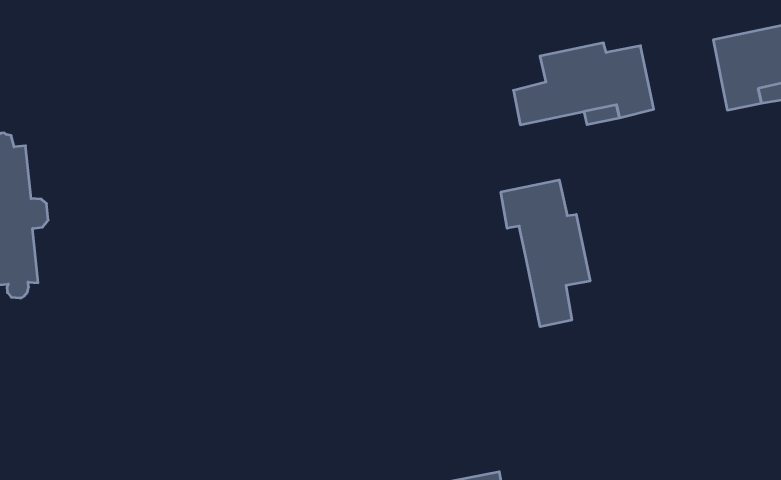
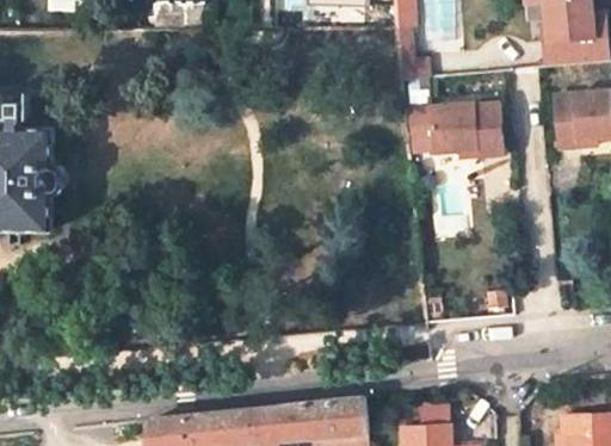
building: [501,180,590,327] -> none

